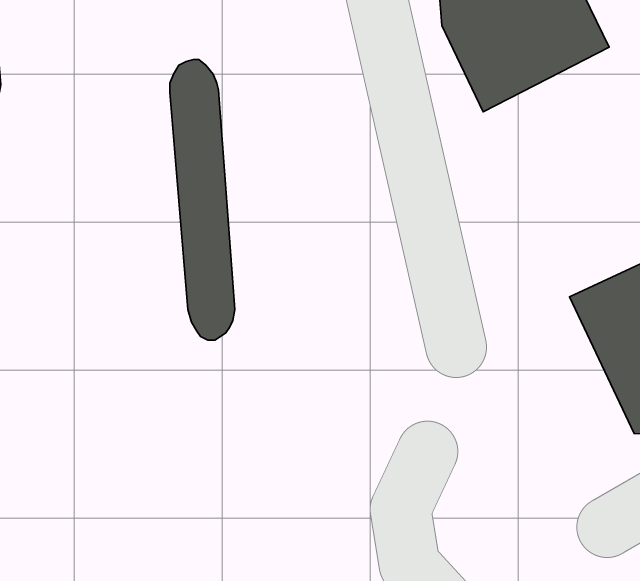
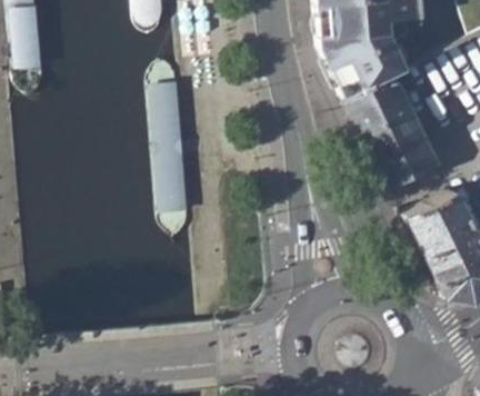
building: none -> [346,73,438,187]

